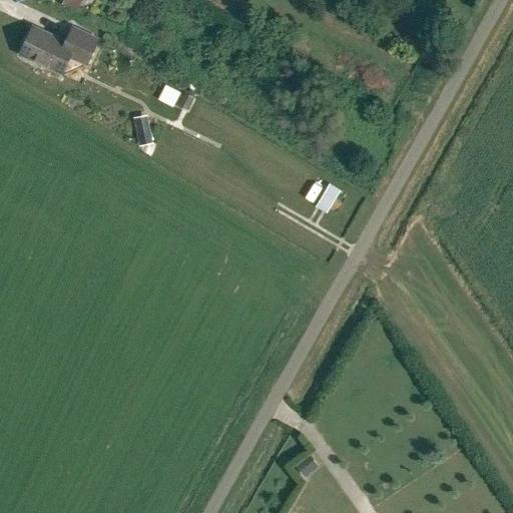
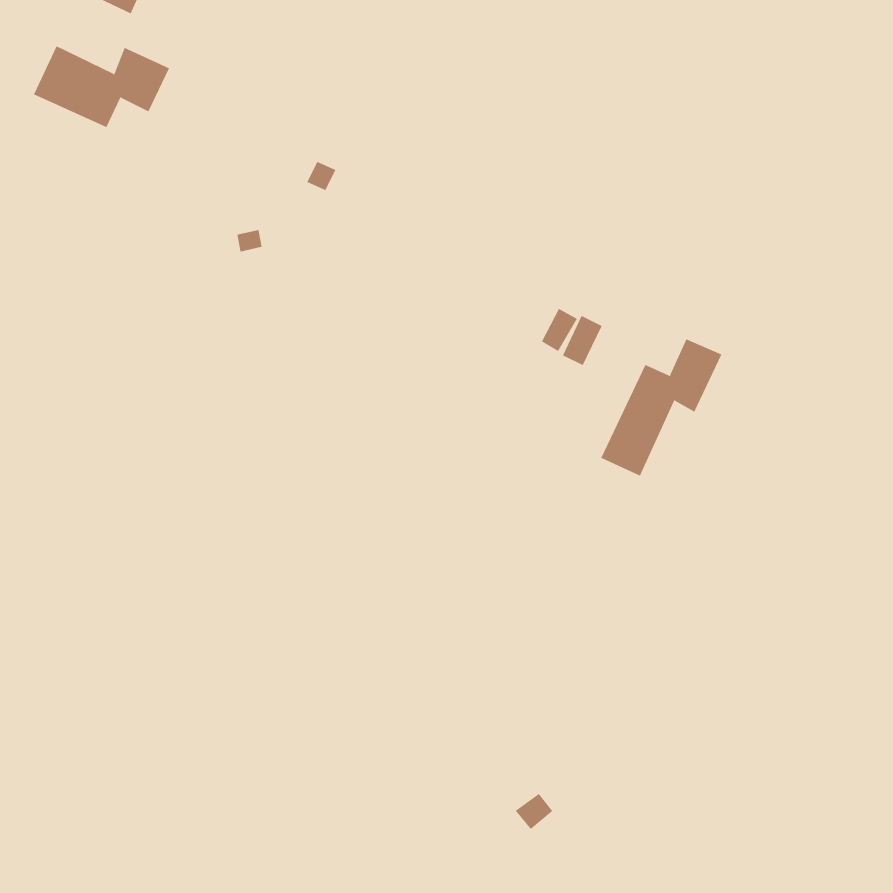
building: none -> [600,338,722,476]

